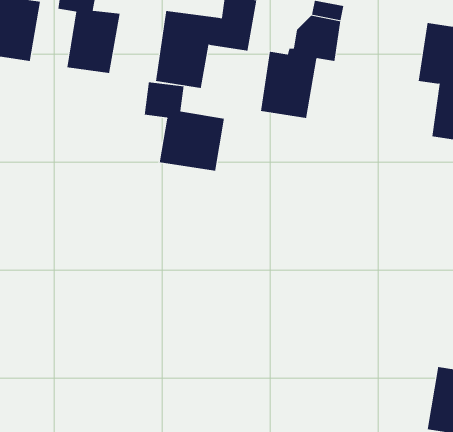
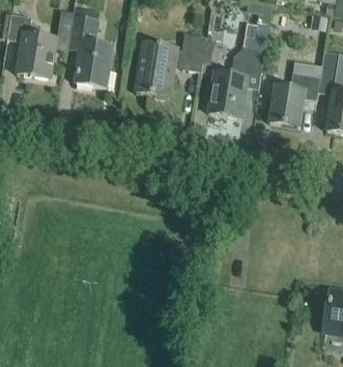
building: none -> [268,49,323,126]
building: [144,81,224,171] -> none

